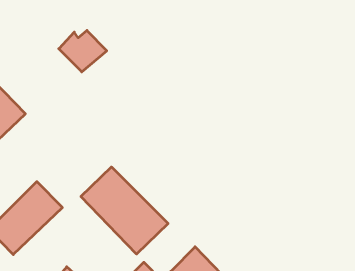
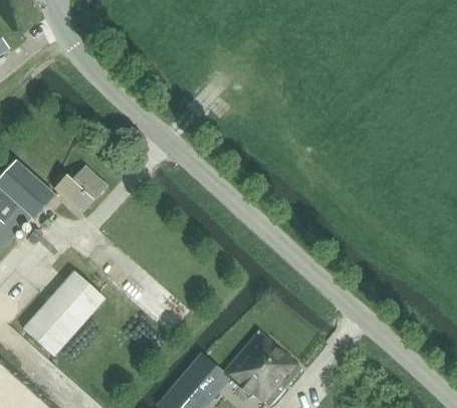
building: [59,30,107,72] -> [55,166,109,213]
building: [81,167,168,254] -> none

